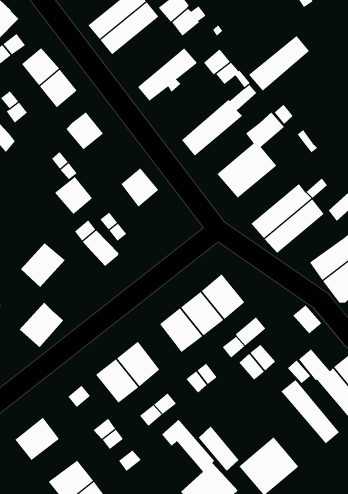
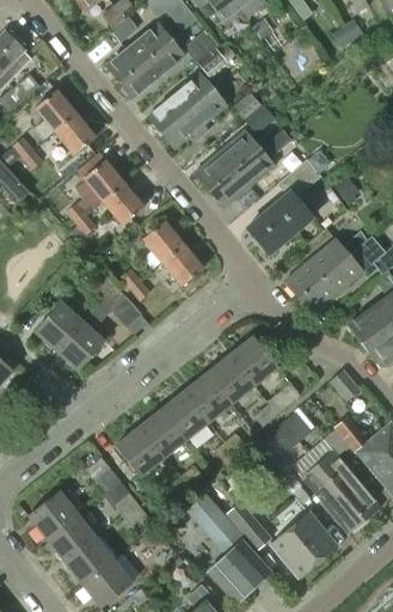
building: none -> [147,74,211,133]
building: [248,35,310,92] -> [192,129,259,190]
building: [54,176,93,215] -> [102,183,143,225]
building: none -> [161,244,203,287]
building: [19,302,64,348] -> [55,320,104,371]
building: none -> [161,390,208,439]
building: none -> [300,463,364,533]
building: none -> [45,514,96,561]

